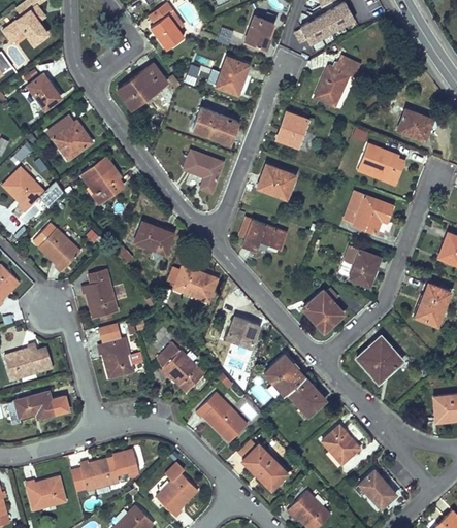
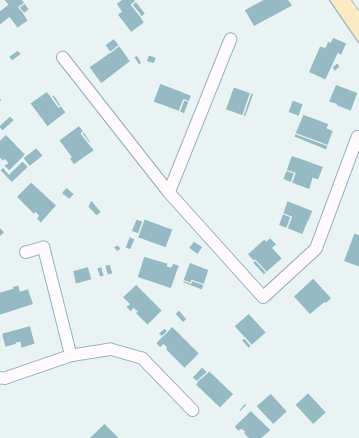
building: [244,16,272,50] -> none
building: [314,57,359,107] -> [308,37,347,80]
building: [216,58,249,95] -> none
building: [27,74,60,109] -> none
building: [178,152,222,193] -> none
building: [257,165,295,199] -> none
building: [238,218,286,251] -> none
building: [134,222,172,255] -> none
building: [81,269,117,318] -> none
building: none -> [137,256,179,289]
building: [97,339,132,378] -> none
building: [263,355,304,396] -> none
building: [321,426,358,463] -> [256,393,287,425]
building: [70,450,137,495] -> none
building: [156,463,197,517] -> none
building: [25,477,65,510] -> none

